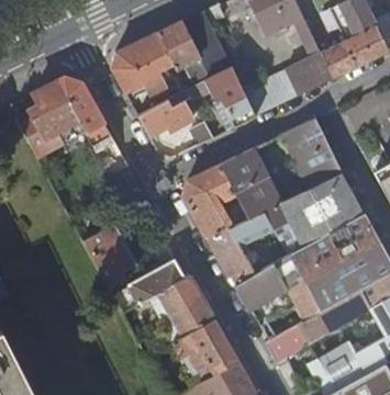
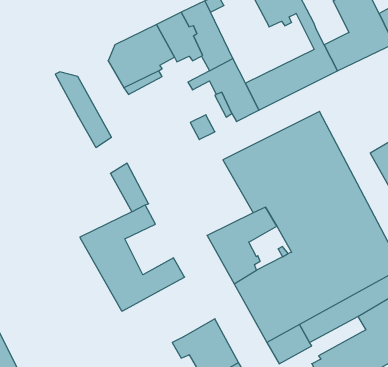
building: [16,81,80,156] -> none
building: [137,89,193,135] -> none
building: [183,165,252,238] -> none
building: [155,277,214,337] -> none

